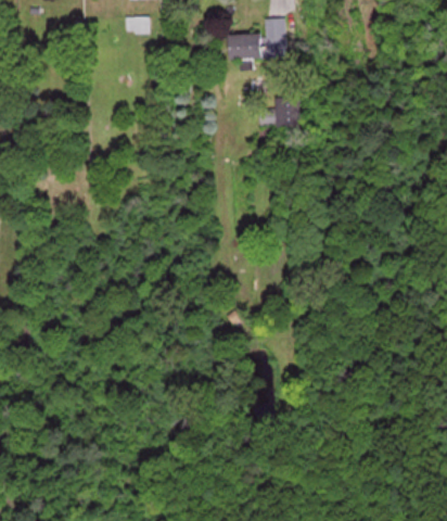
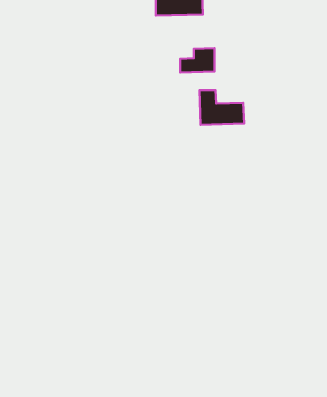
building: none -> [200,90,244,125]

